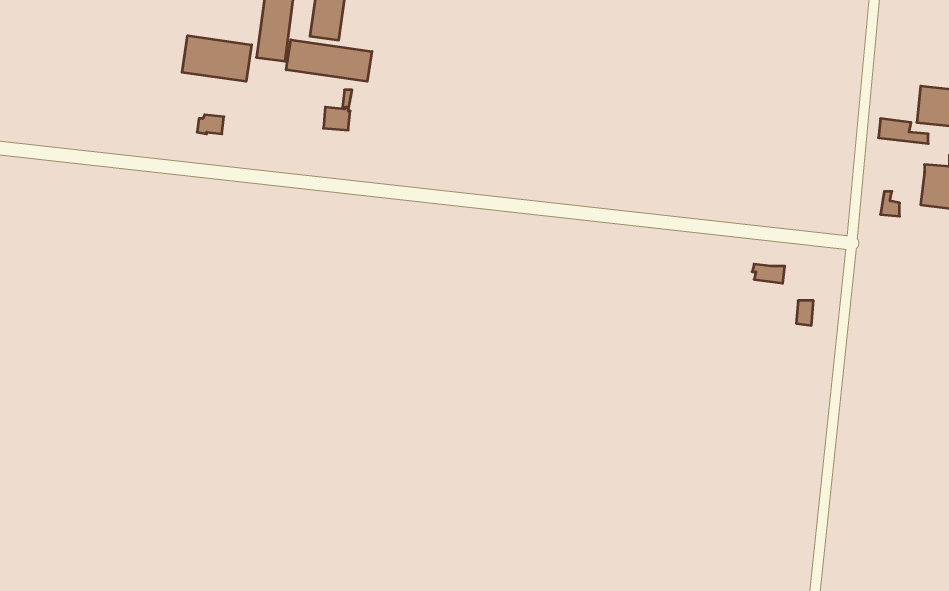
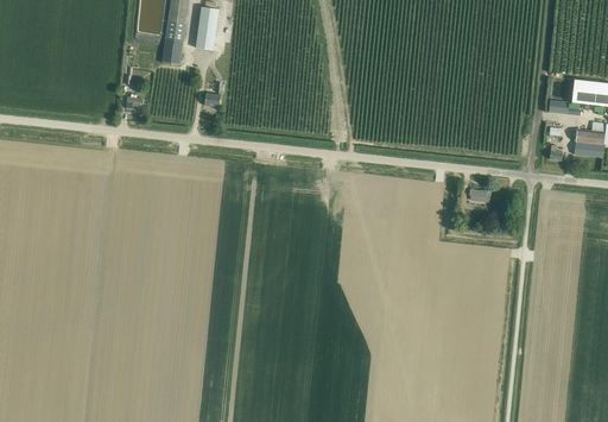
building: [182,36,252,81] -> none
building: [286,40,372,81] -> none

